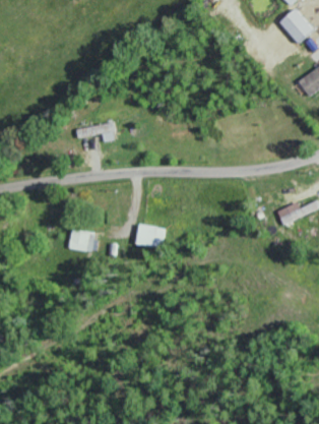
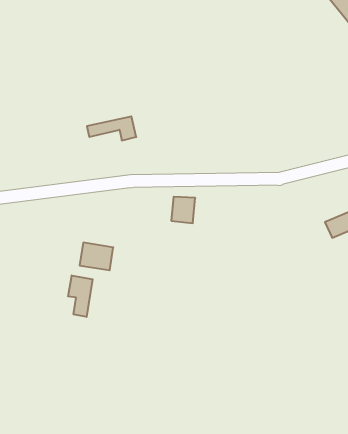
building: [137,225,157,247] -> [171,197,195,223]
building: none -> [68,275,93,317]

